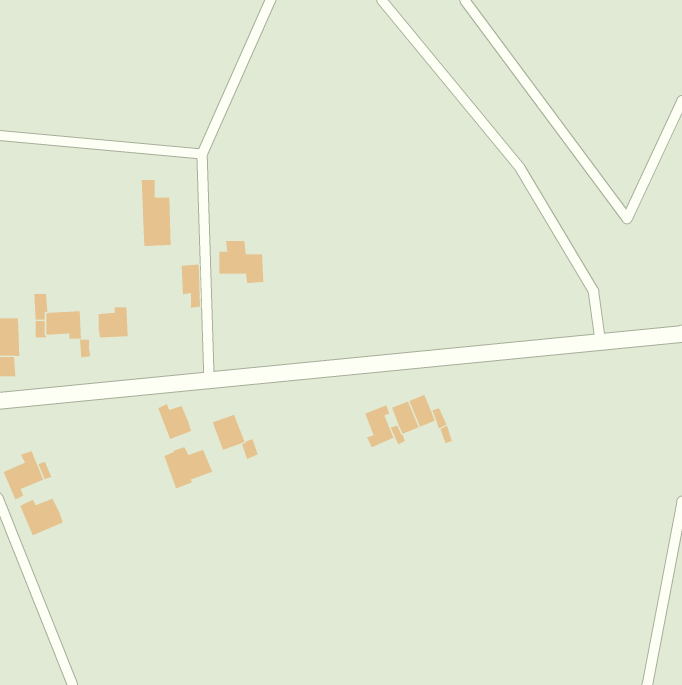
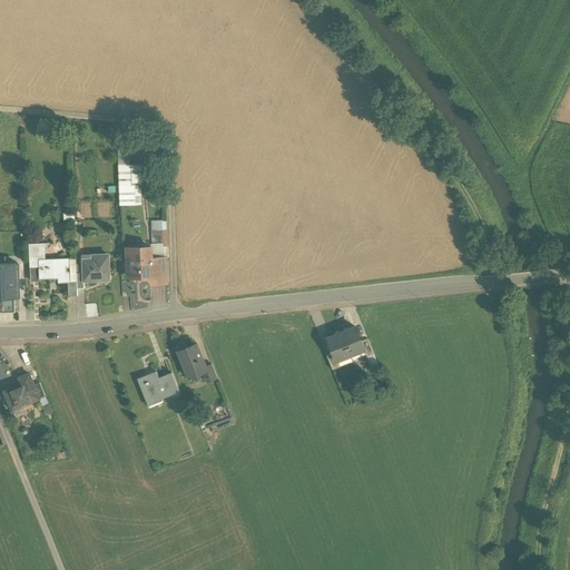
building: [218,241,264,283] -> [126,248,164,284]
building: [157,403,192,440] -> none
building: [364,404,394,448] -> none
building: [19,498,63,536] -> none

